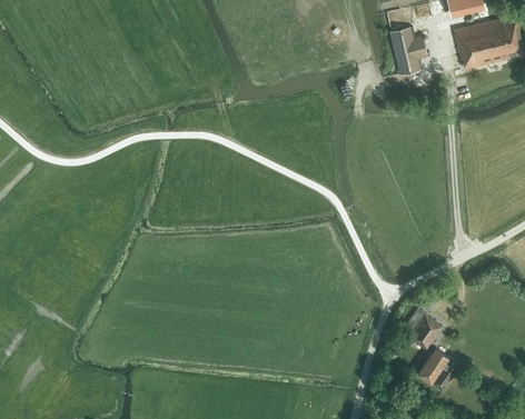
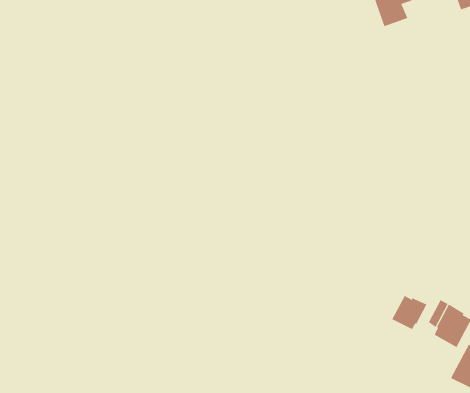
building: none -> [392,295,427,330]

